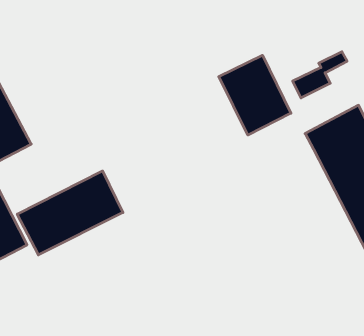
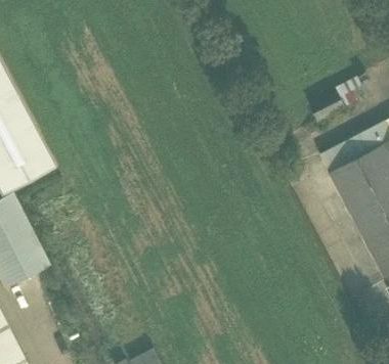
building: [219,55,291,135] -> none
building: [17,171,123,255] -> none

